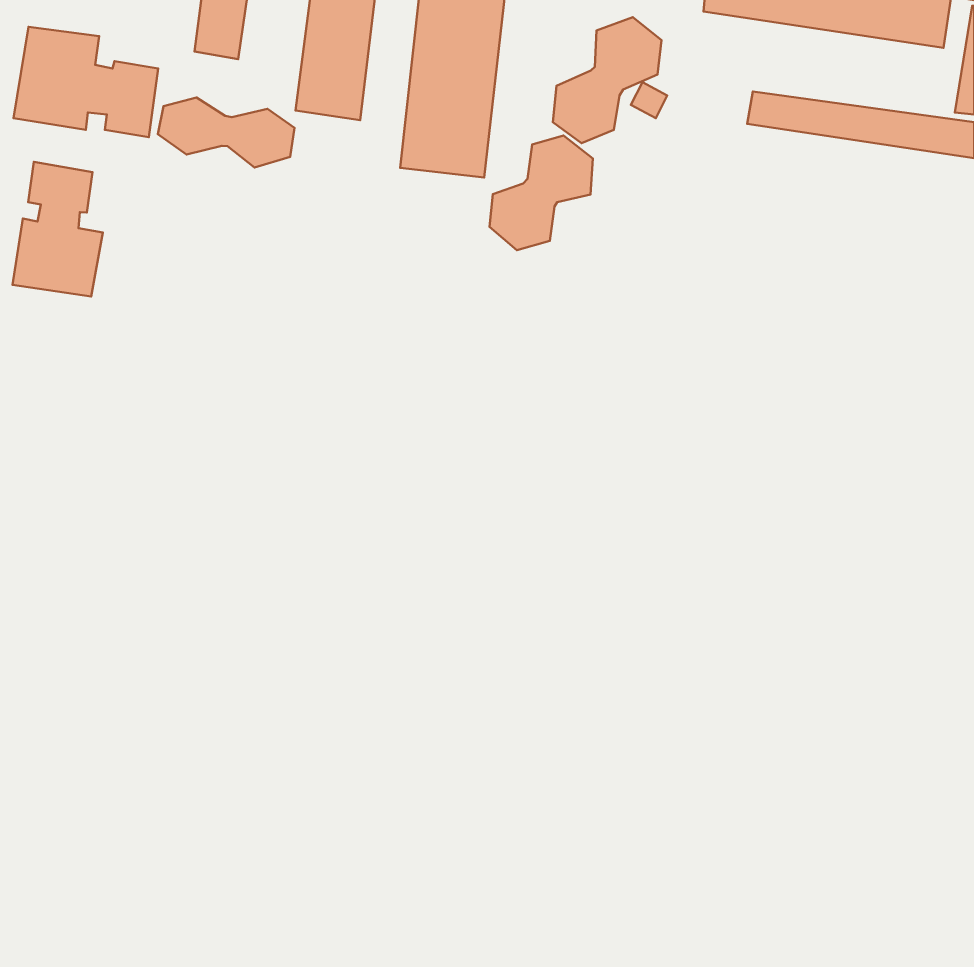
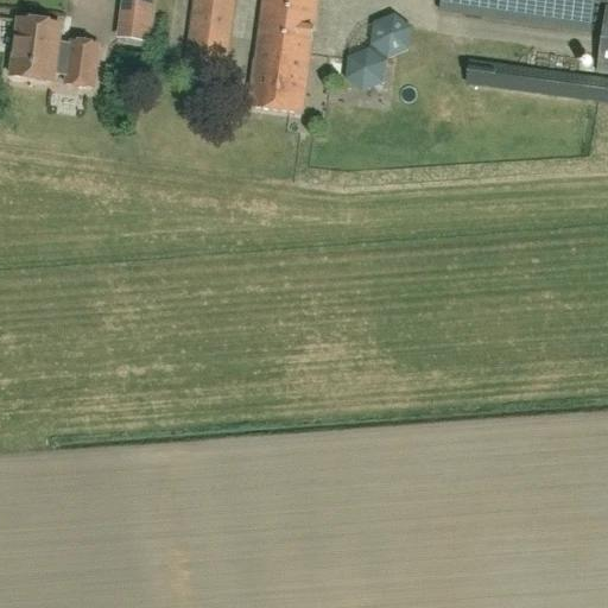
building: [158,98,295,168] -> none
building: [489,135,593,250] -> none
building: [12,162,103,297] -> none

